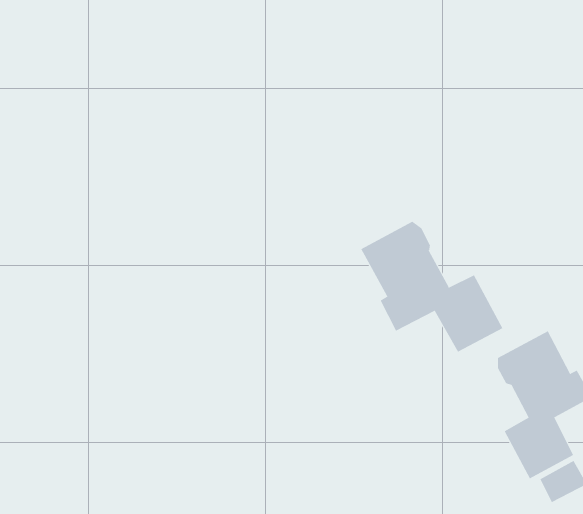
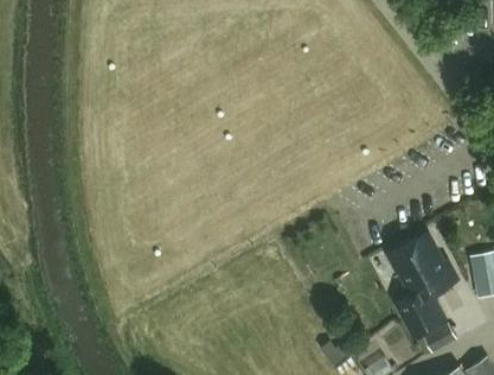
building: [361,221,503,352] -> none

